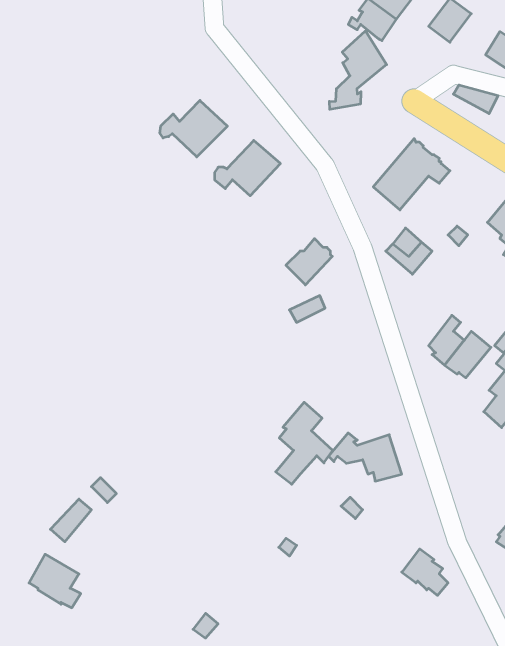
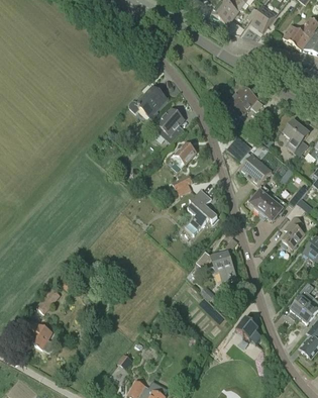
building: [329,31,387,109] -> none
building: [160,100,227,157] -> none
building: none -> [156,107,184,143]
building: none -> [239,143,272,187]
building: [276,402,333,484] -> [185,188,217,234]

